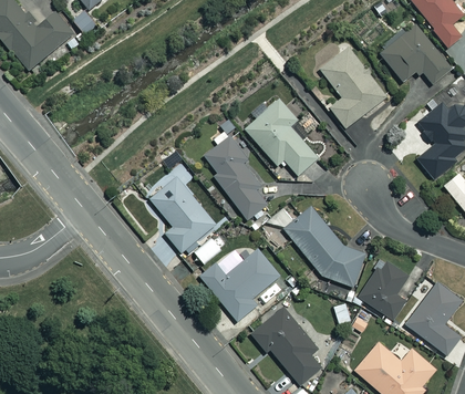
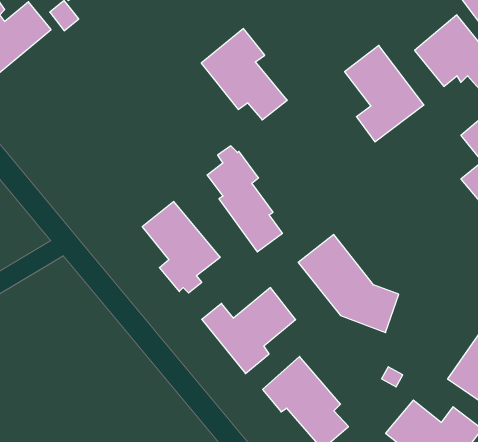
building: [246,98,318,175] -> [201,29,287,120]
building: [360,261,407,319] -> none

